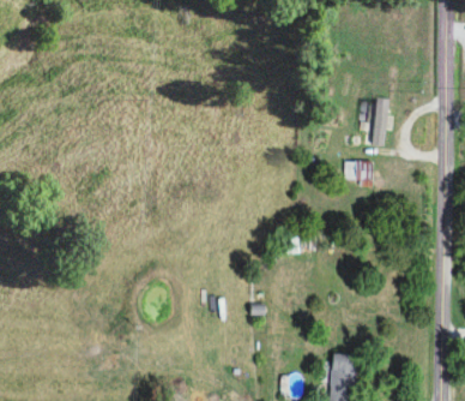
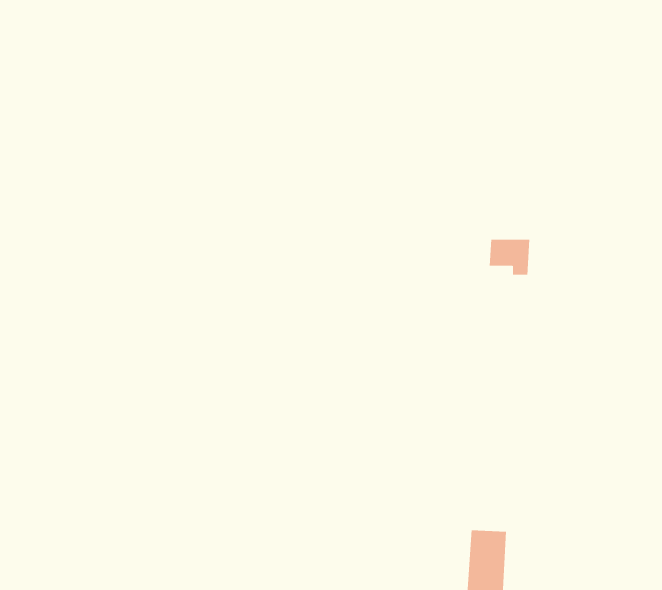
building: [367,97,388,146] -> none

